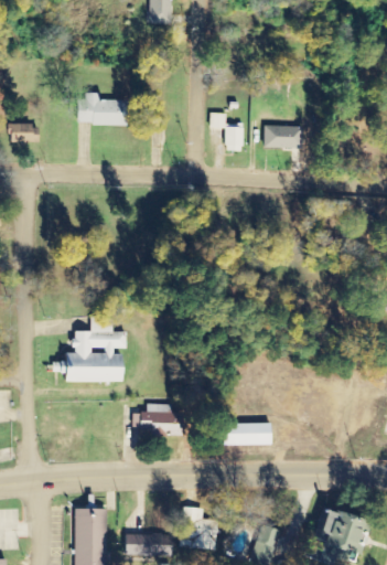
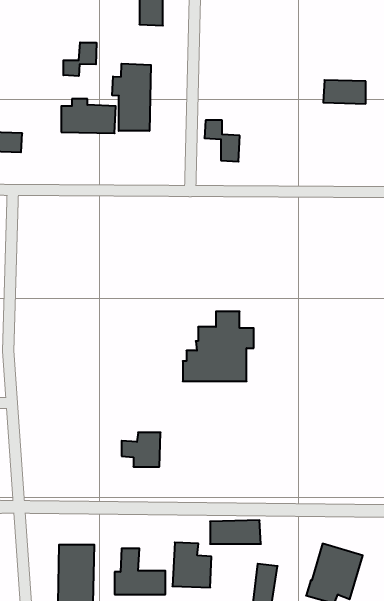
building: none -> [63,42,96,76]
building: none -> [112,64,151,131]
building: [265,126,304,148] -> [323,80,366,104]
building: [61,316,127,381] -> [183,311,254,381]
building: [224,423,271,445] -> [210,520,261,544]

